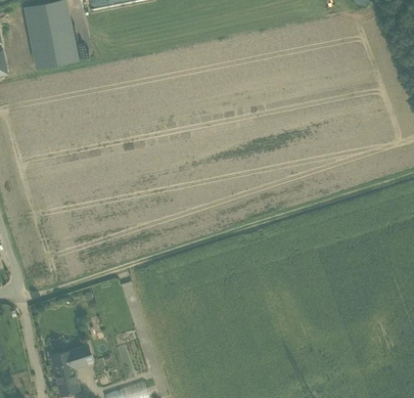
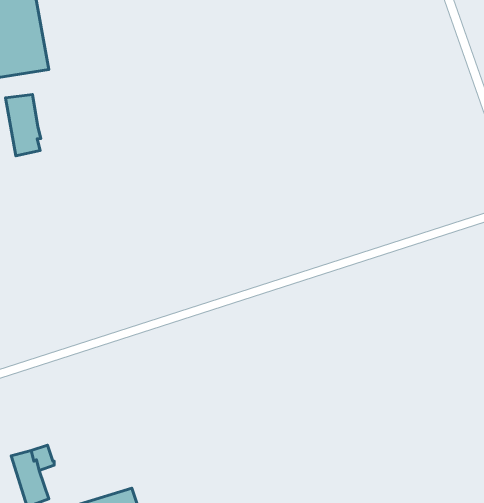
building: none -> [5,94,41,156]

